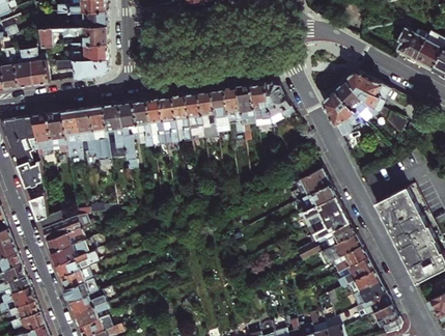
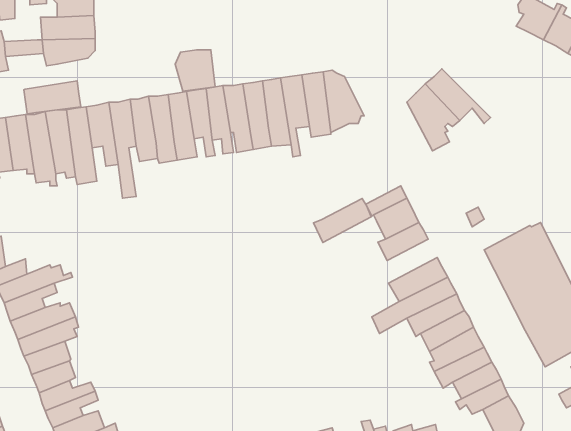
building: none -> [175,50,215,91]
building: [344,71,404,134] -> none
building: none -> [24,81,81,114]
building: [302,197,341,227] -> [314,199,371,243]

